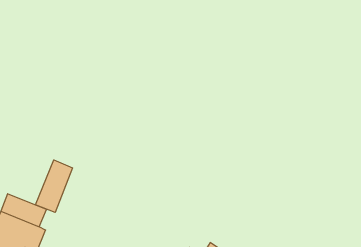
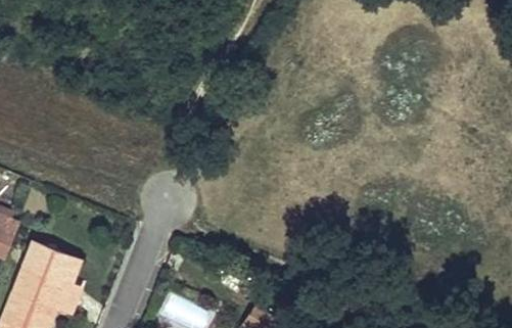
building: [35,160,73,212] -> none

